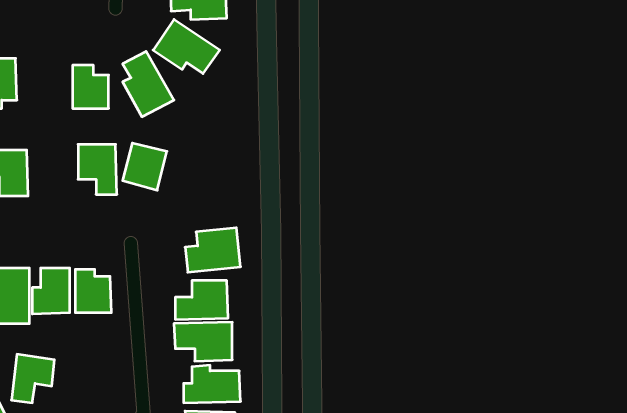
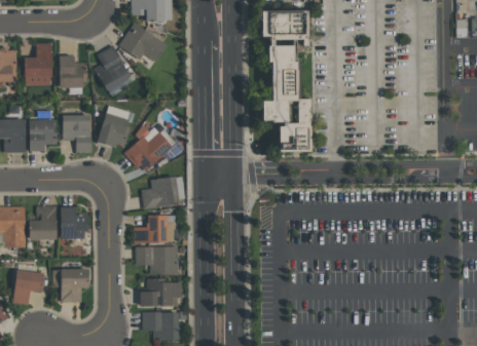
building: none -> [259,11,308,152]
building: none -> [25,43,52,86]
building: none -> [30,118,58,151]
building: none -> [123,124,172,172]
building: none -> [52,269,87,303]

